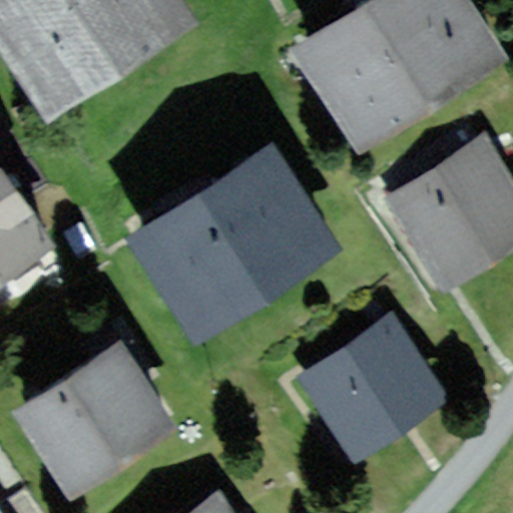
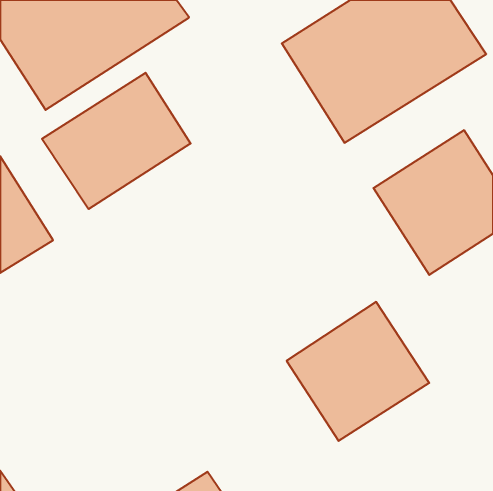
building: none -> [42,73,191,209]
building: [129,146,337,339] -> none
building: [12,342,175,498] -> none

